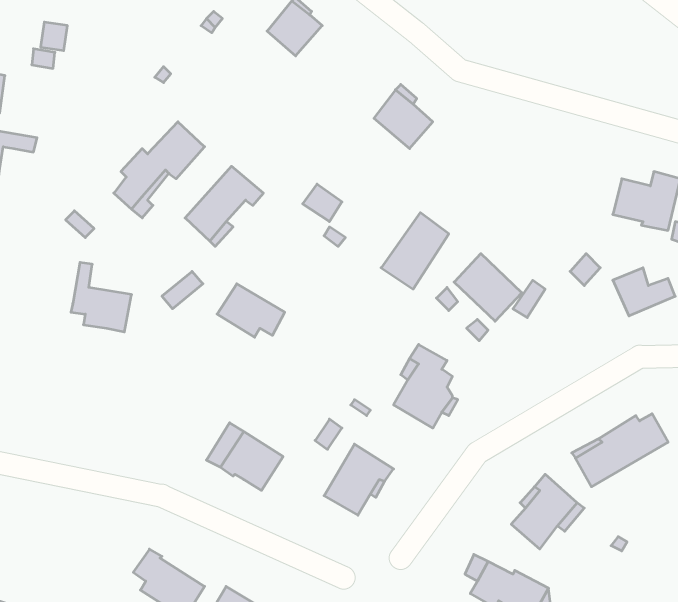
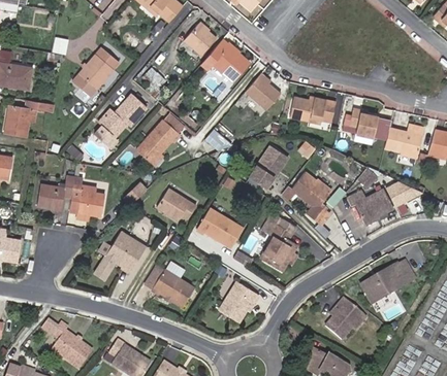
building: none -> [200,39,249,81]
building: none -> [79,46,119,89]
building: none -> [289,97,334,123]
building: none -> [349,108,377,137]
building: none -> [37,174,75,209]
building: none -> [347,191,393,225]
building: none -> [196,208,243,248]
building: none -> [92,232,143,282]
building: none -> [50,322,90,367]

